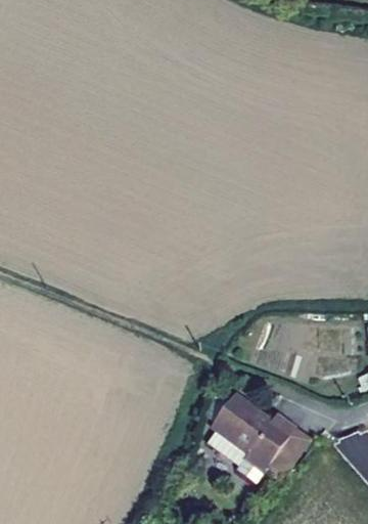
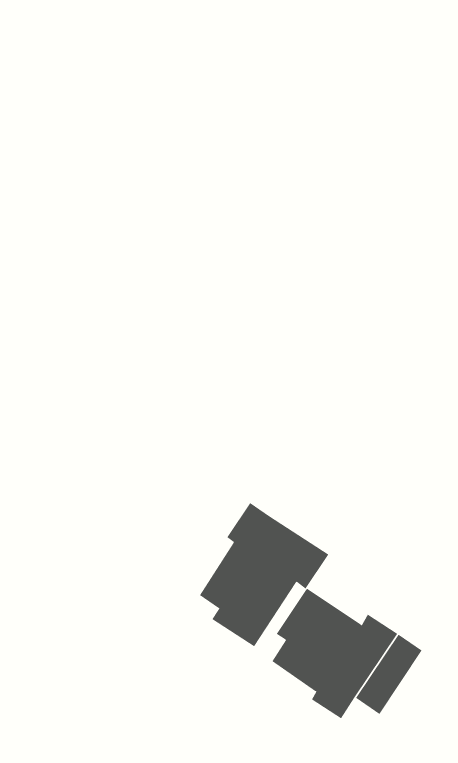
building: none -> [199,502,329,647]

